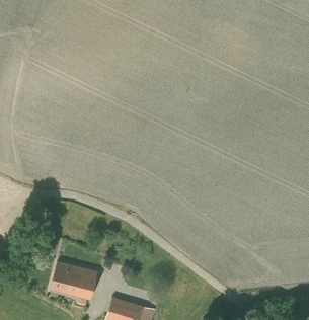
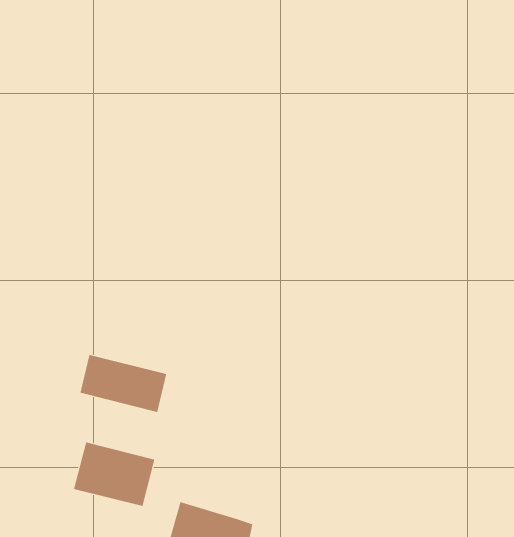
building: none -> [80,354,167,413]

